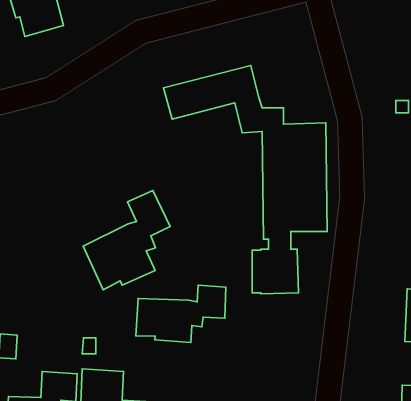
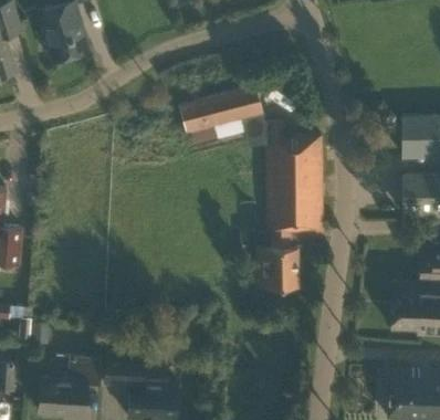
building: [83,191,170,290] -> none
building: [136,285,226,342] -> none

